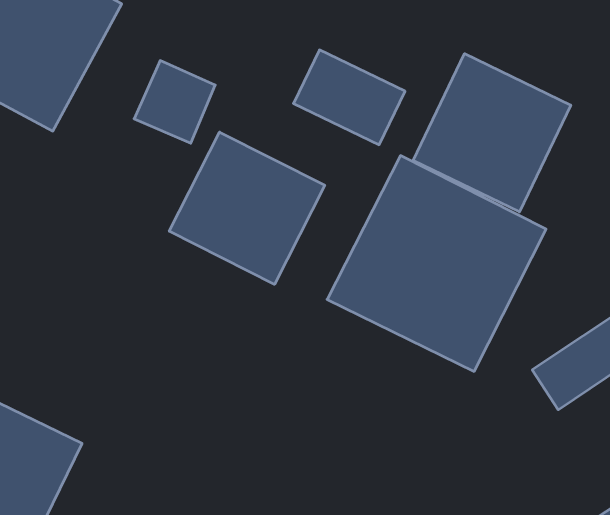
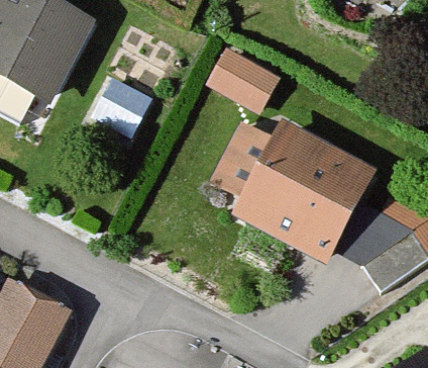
building: [413,54,571,212] -> none
building: [169,132,325,284] -> none

